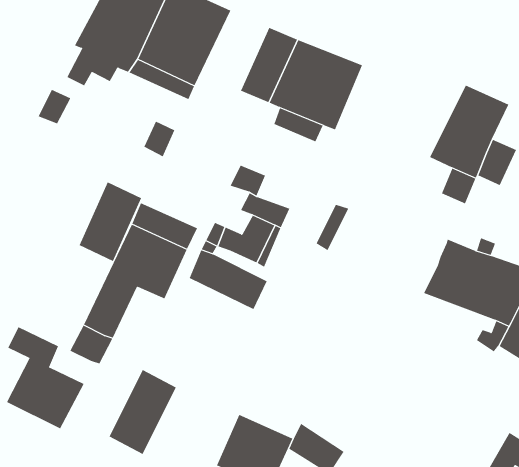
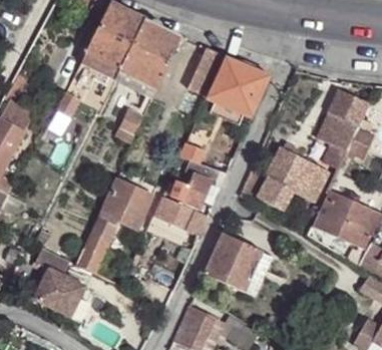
building: none -> [257,146,335,209]
building: [79,181,142,262] -> none
building: none -> [204,233,272,296]
building: [109,369,177,455] -> none

